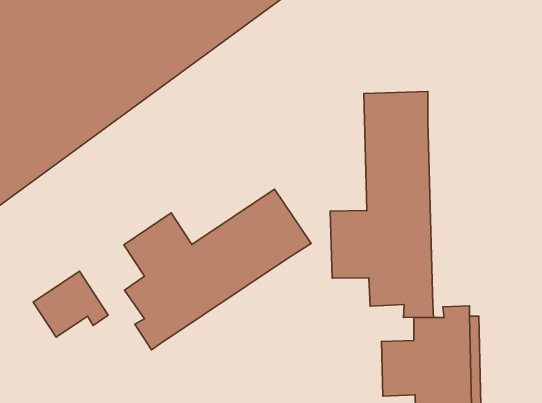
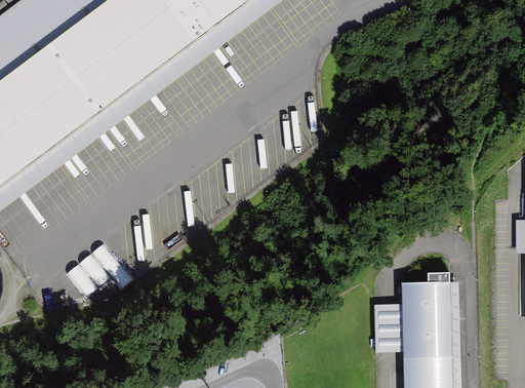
building: [330,92,434,317] -> none
building: [124,189,311,350] -> none

